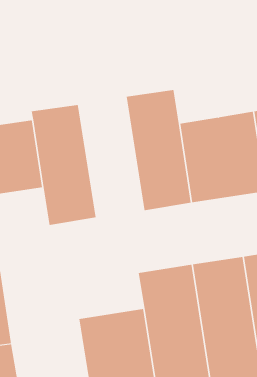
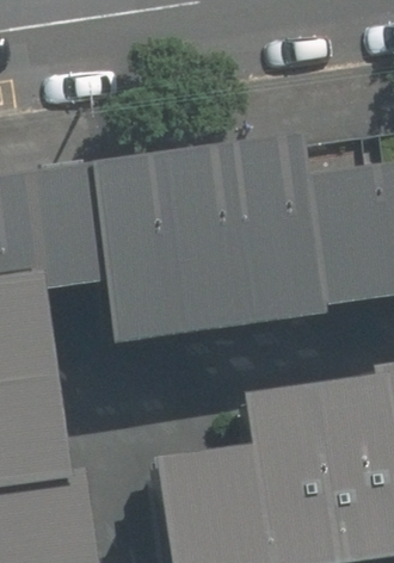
building: none -> [141,159,232,326]

